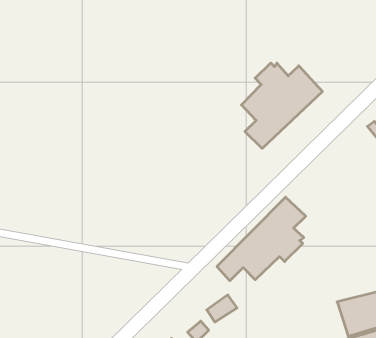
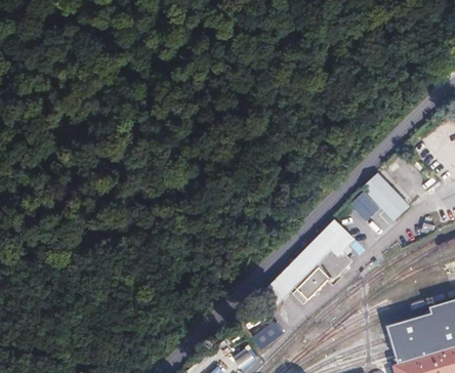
building: [241,63,322,148] -> none
building: none -> [347,170,411,219]

